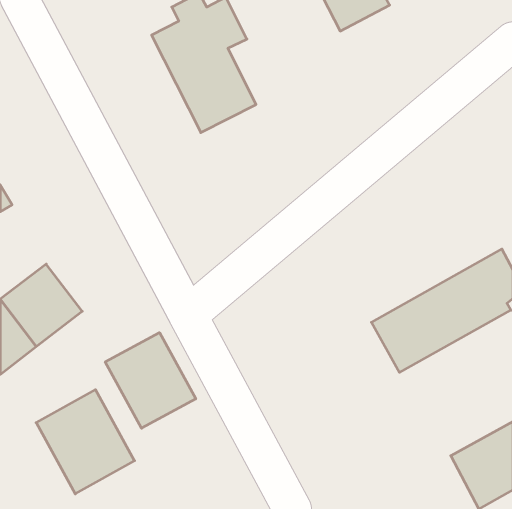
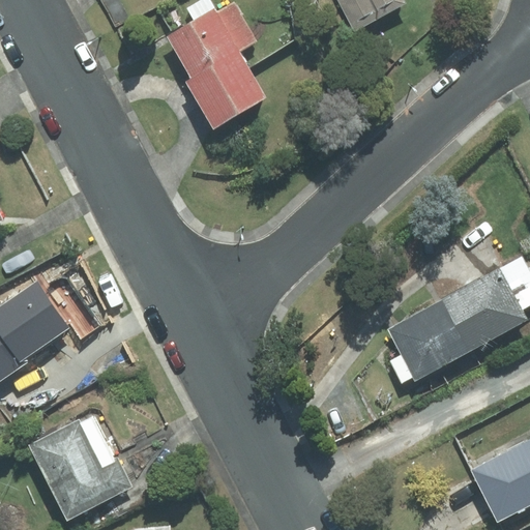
building: [105,333,196,428] -> none

